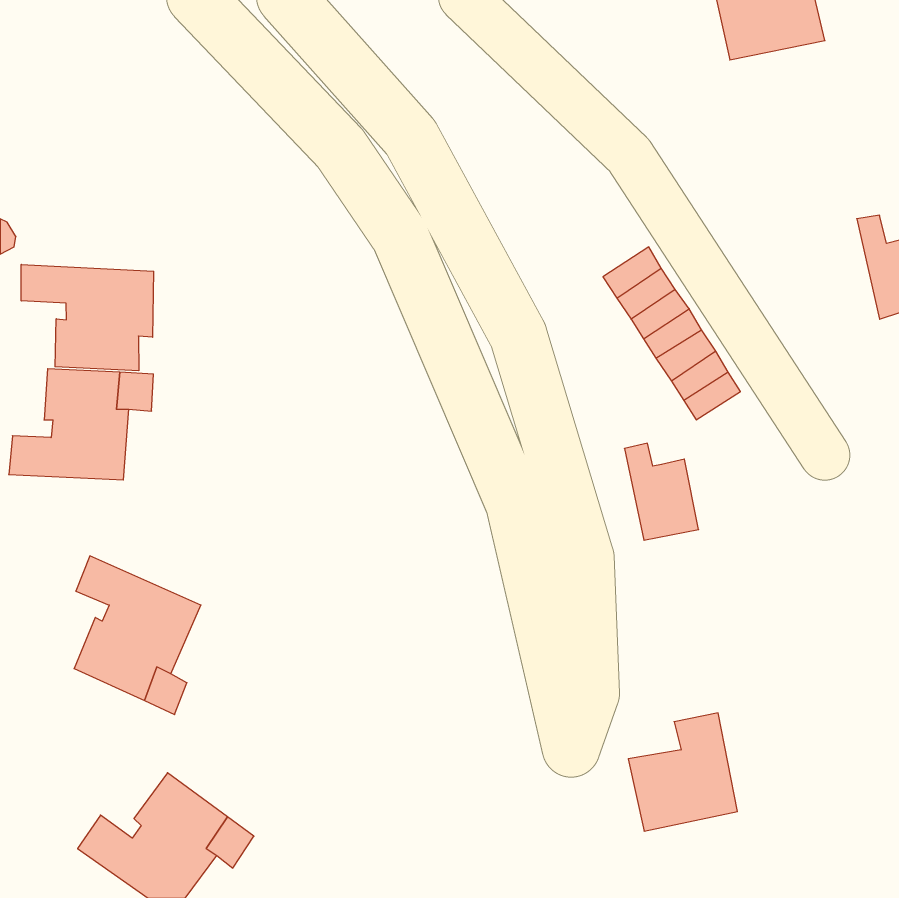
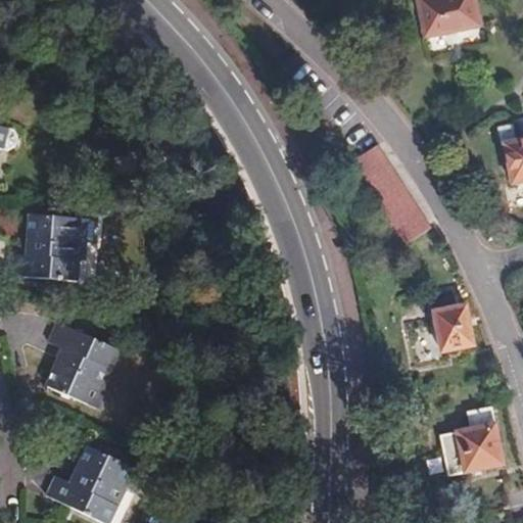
building: [21,264,154,371] -> none
building: [624,443,699,540] -> [430,295,473,351]
building: [628,713,737,831] -> [439,407,503,475]

